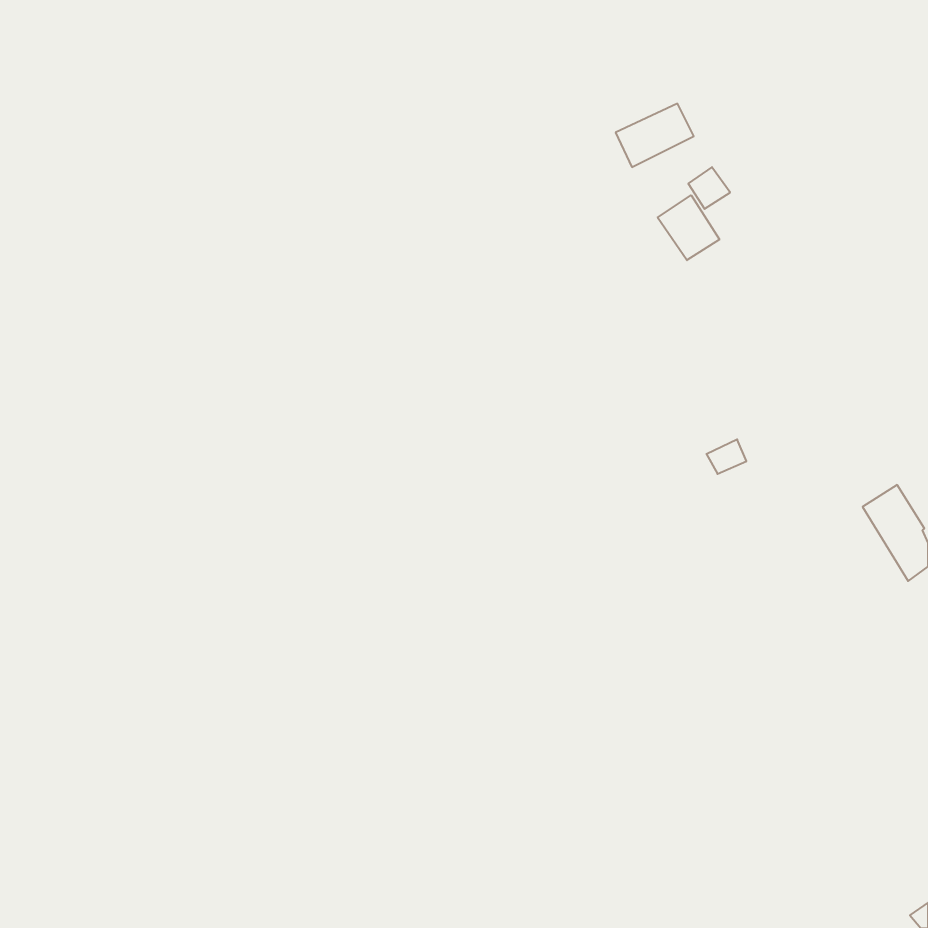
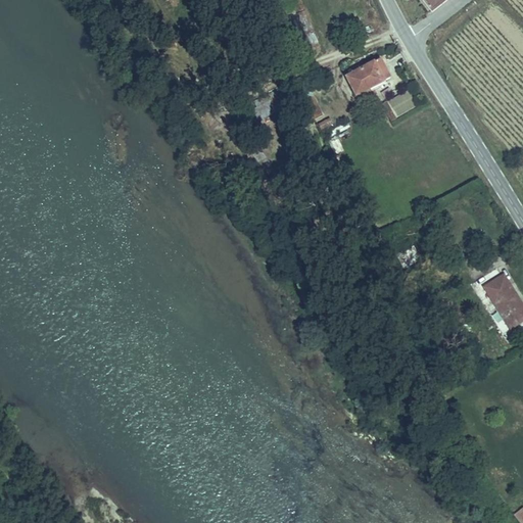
building: [658,195,719,260] -> none

